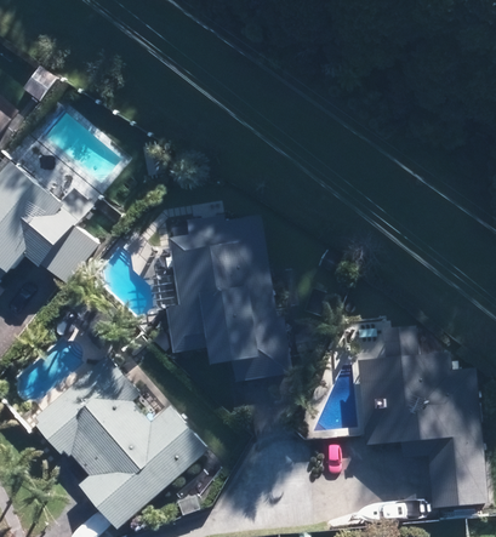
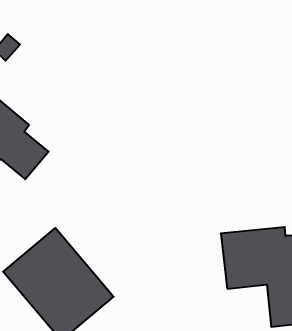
building: [161,219,289,383] -> none

